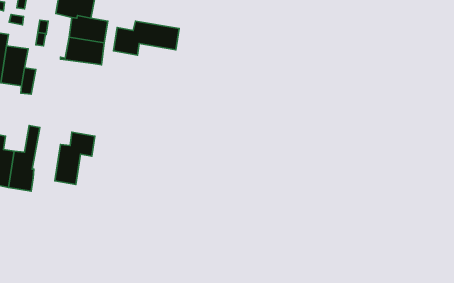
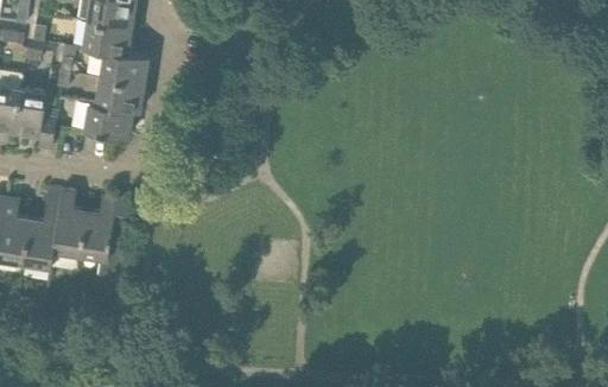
building: [113,21,179,55] -> none
building: none -> [83,102,132,135]
building: none -> [52,188,88,254]

